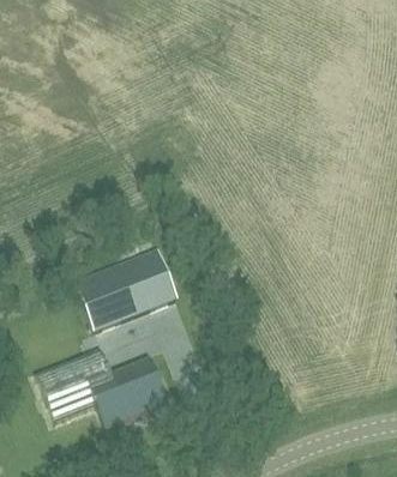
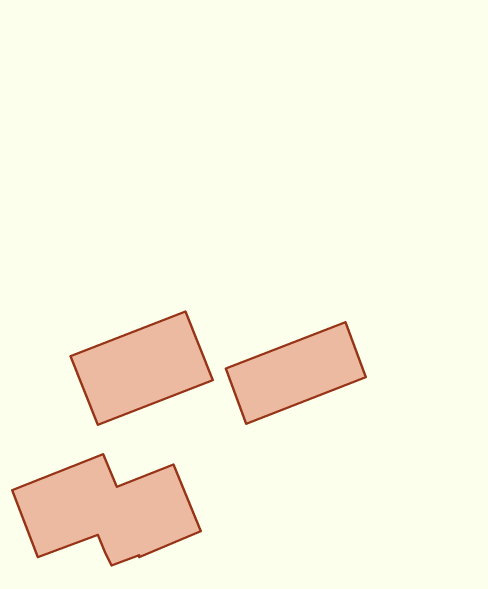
building: none -> [226,322,366,424]

